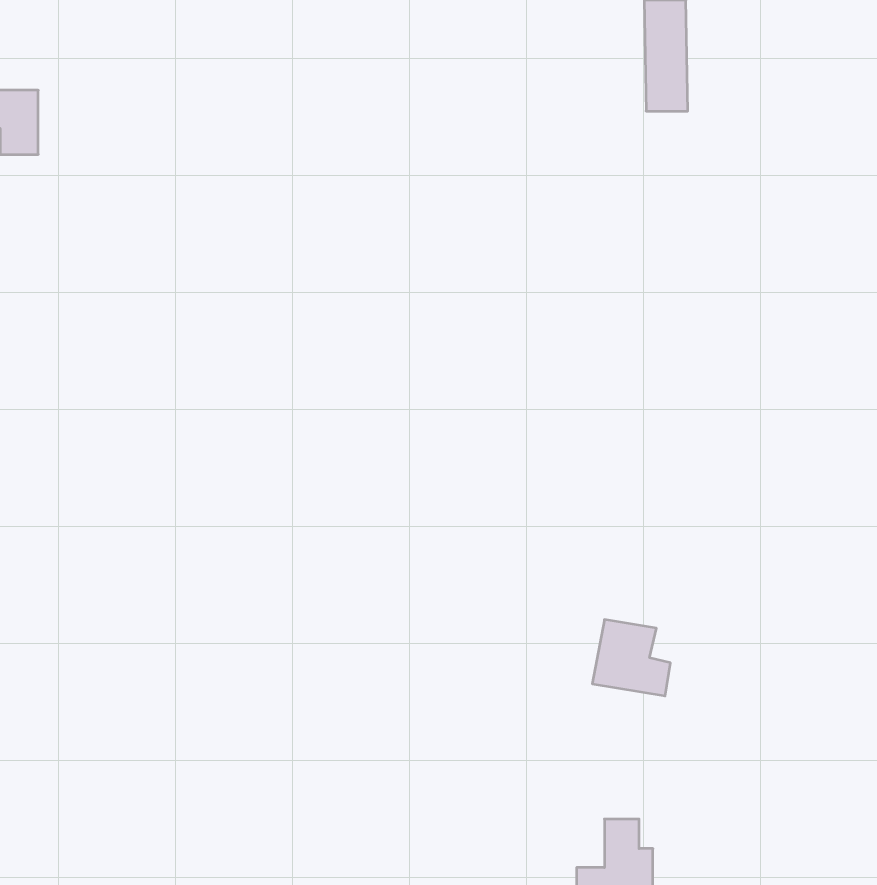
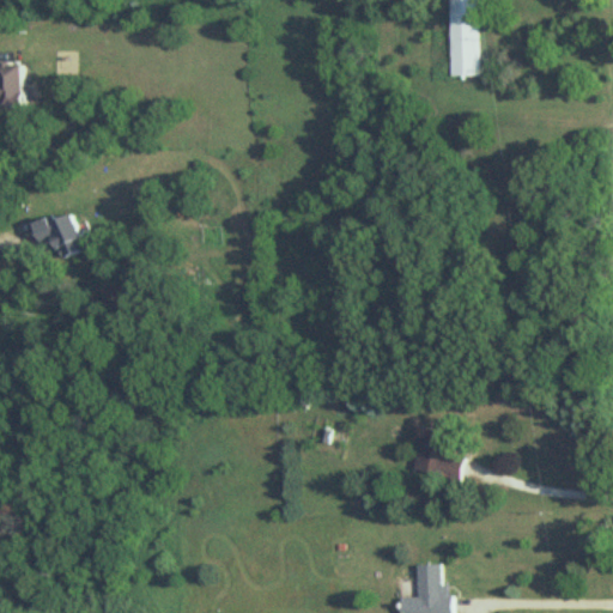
building: none -> [37,213,90,260]

